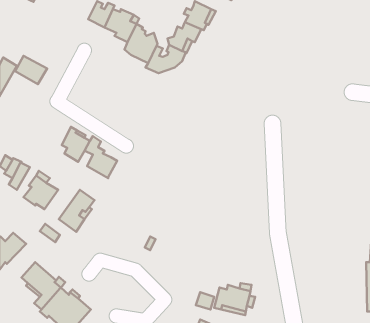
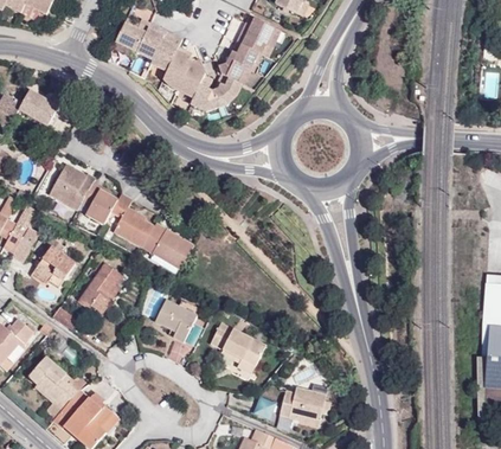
building: none -> [49,162,95,210]
building: none -> [141,222,193,268]
building: none -> [155,299,197,341]
building: none -> [210,321,265,373]

